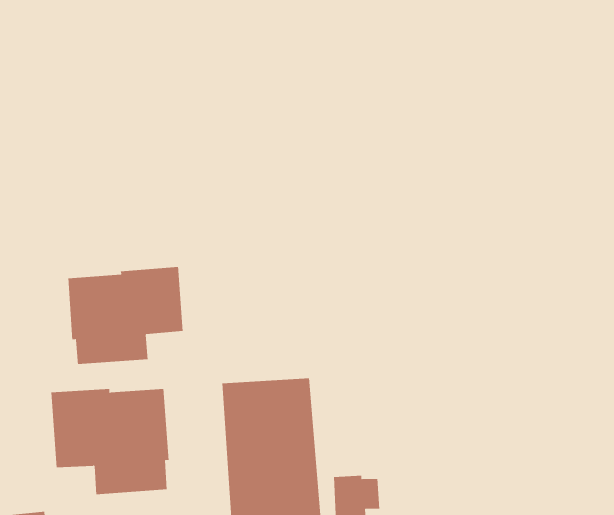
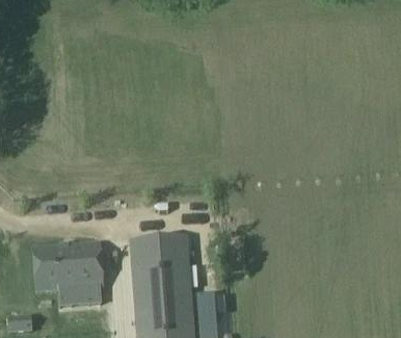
building: [68,266,183,365] -> none

